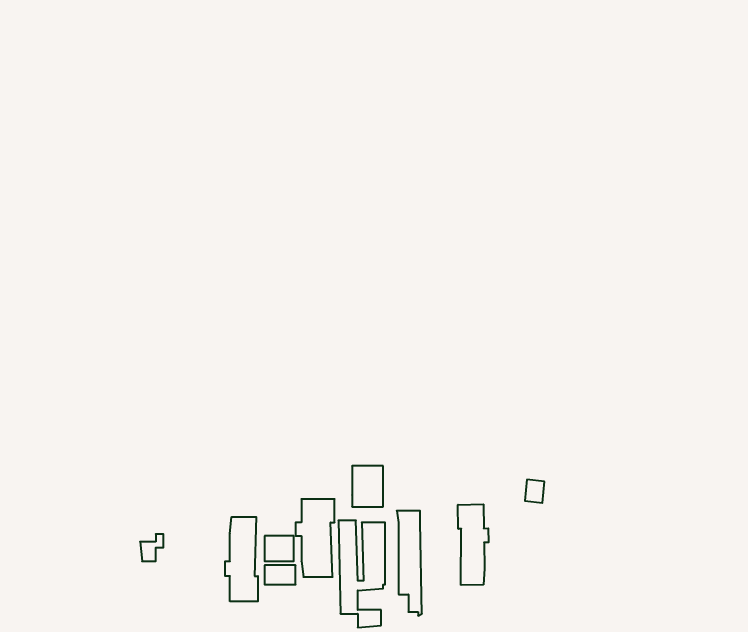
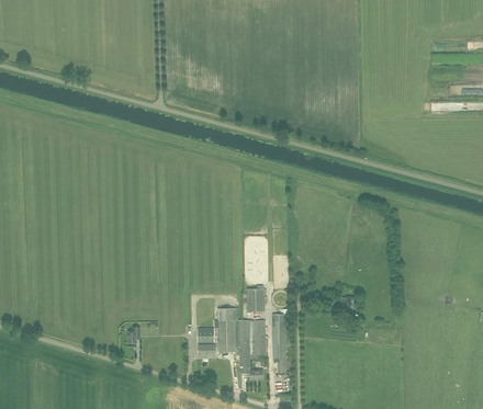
building: [458,504,489,585] -> none
building: [225,517,258,601] -> none

